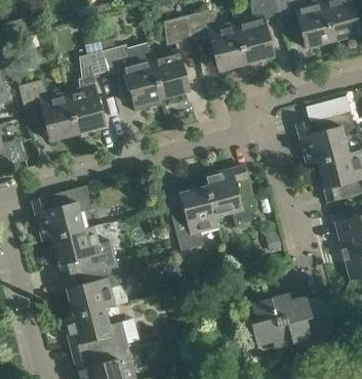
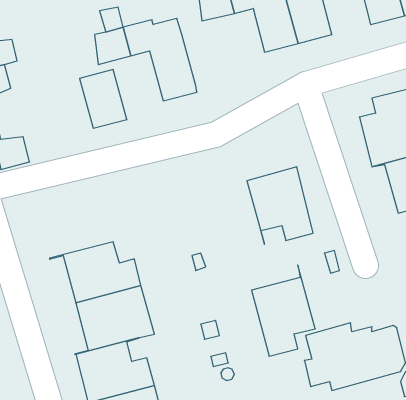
building: [151,49,190,98] -> none
building: [18,80,78,140] -> none
building: [166,176,218,251] -> [252,265,315,356]
building: [32,185,94,240] -> none

